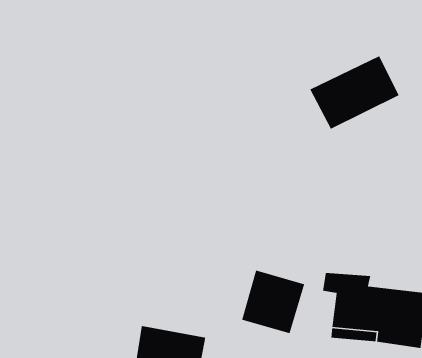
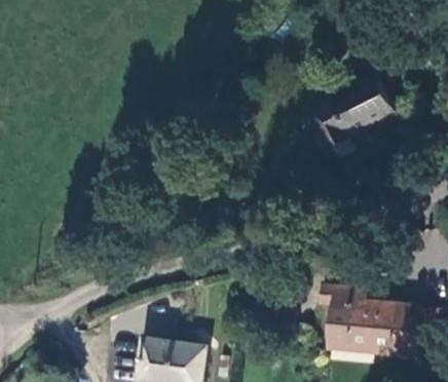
building: [241,270,305,334] -> none

